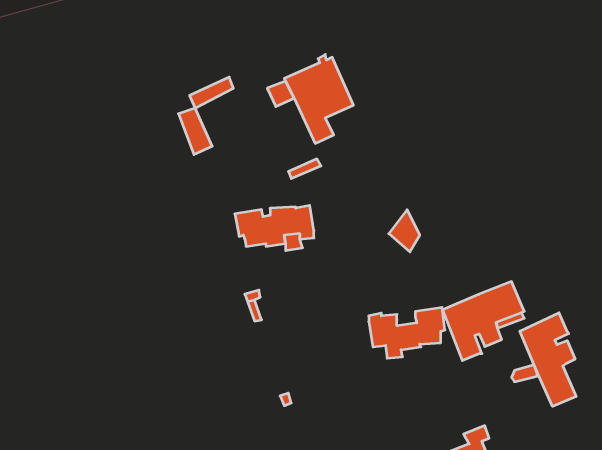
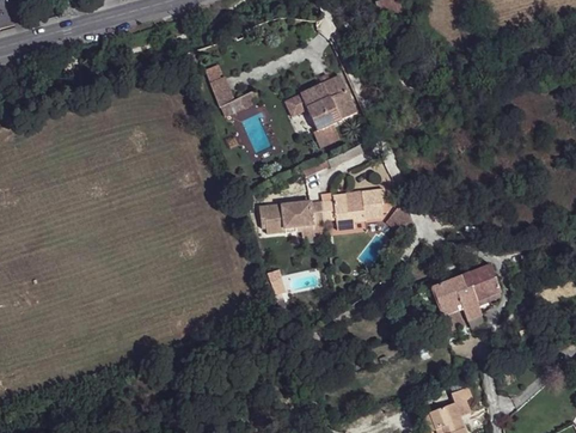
building: [178,108,212,155] -> [206,66,234,105]
building: [369,307,445,358] -> [320,187,385,230]
building: [520,313,576,406] -> none

